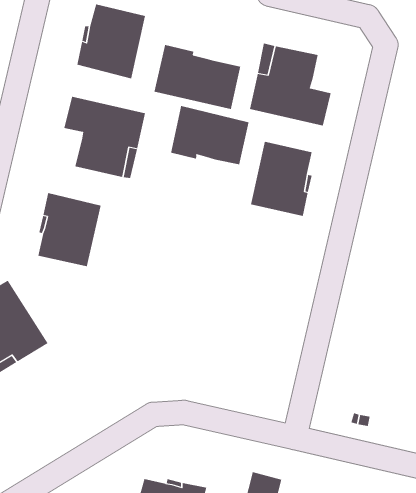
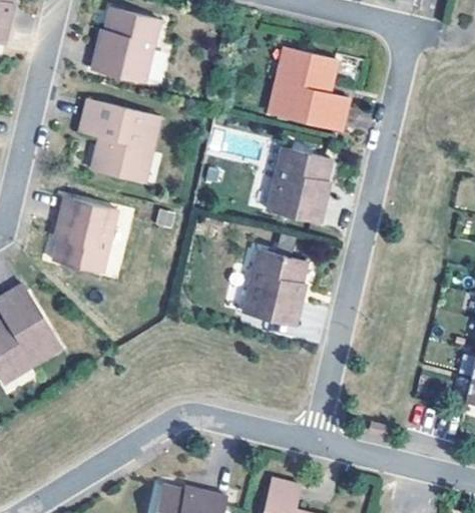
building: [154,44,241,110] -> none
building: [171,105,249,165] -> none
building: none -> [243,248,307,325]

